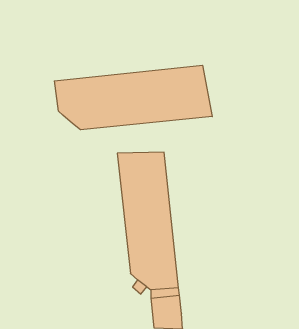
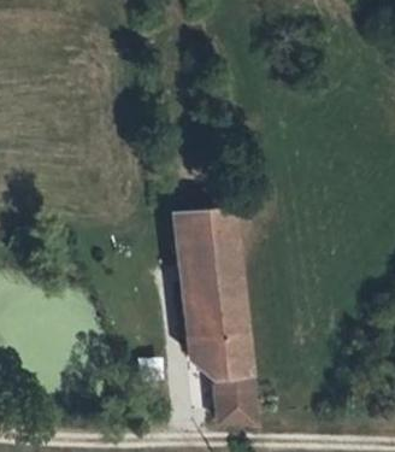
building: [54,65,212,130] -> none

